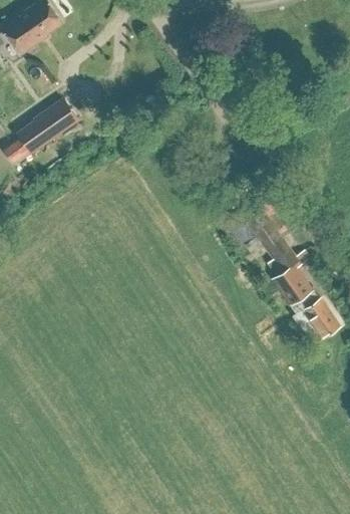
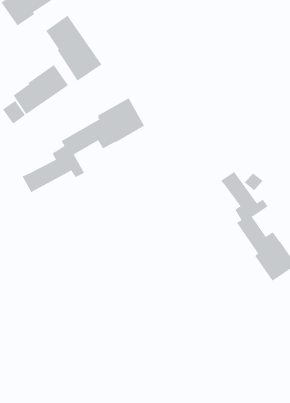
building: none -> [45,15,102,81]
building: none -> [22,98,145,193]

